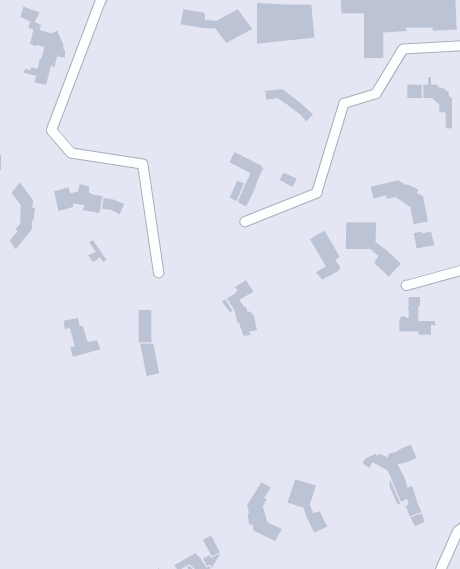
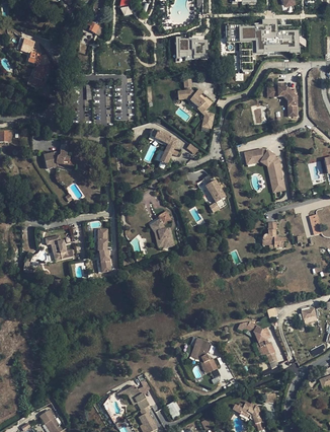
building: [180,9,253,44] -> none
building: [9,181,36,250] -> none
building: [345,221,401,278] -> none
building: [247,482,283,542] -> none

